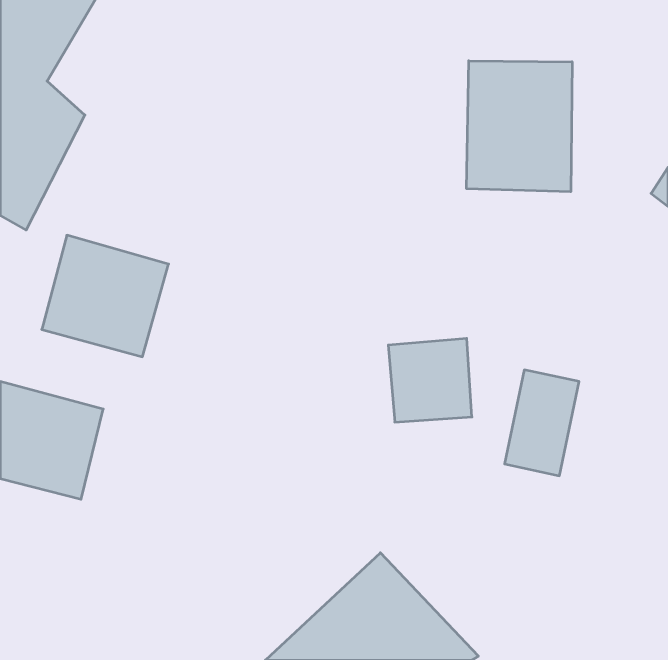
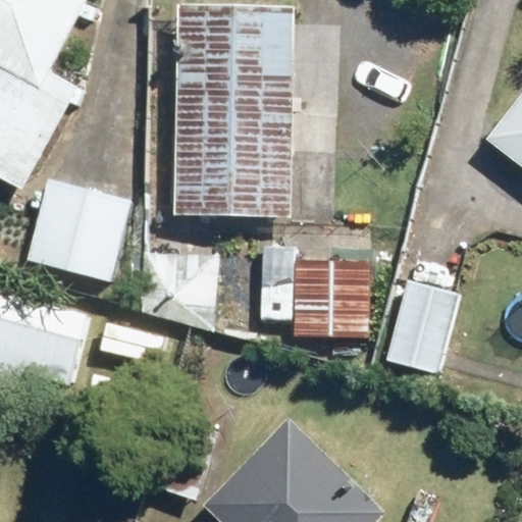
building: none -> [187,15,282,214]
building: [467,61,572,192] -> none

